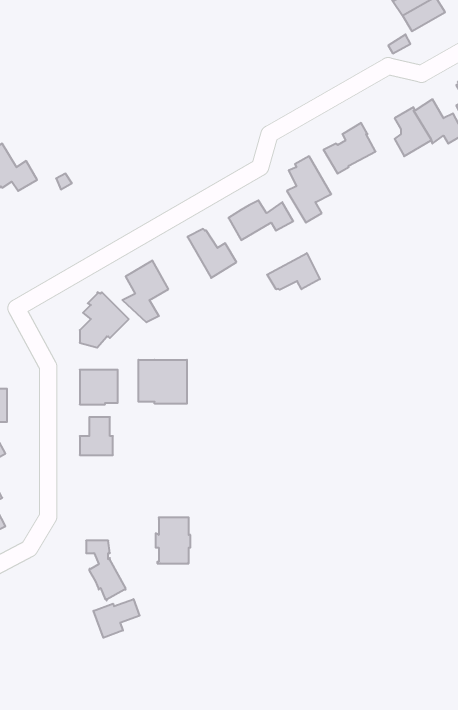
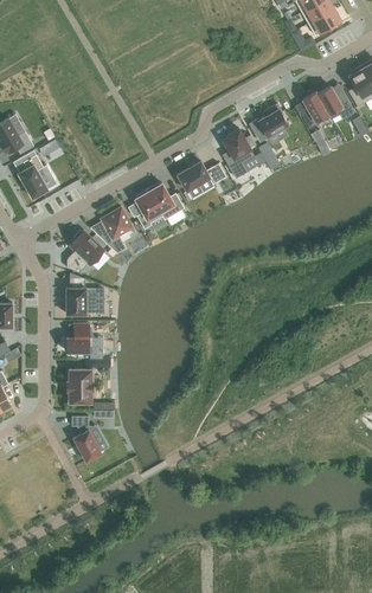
building: none -> [18,155,47,199]
building: none -> [135,189,165,230]
building: [267,253,320,290] -> none
building: [138,360,187,404] -> none
building: [156,517,190,563] -> [66,369,92,404]
building: [93,599,140,638] -> none

